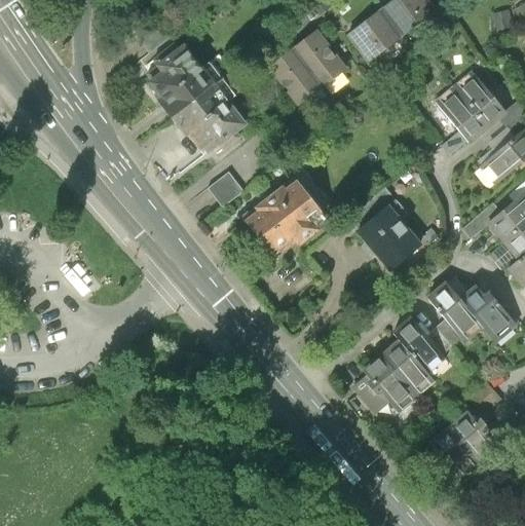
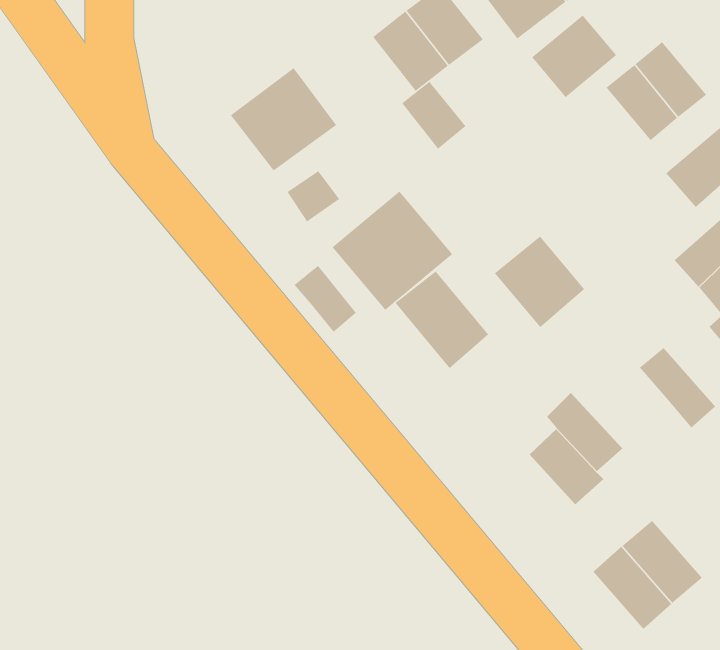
building: [141,44,216,119] -> none
building: none -> [531,14,617,98]
building: none -> [401,81,467,150]
building: none -> [294,265,357,333]
building: none -> [395,270,489,369]
building: [426,280,481,338] -> none
building: [362,360,415,414] -> none

